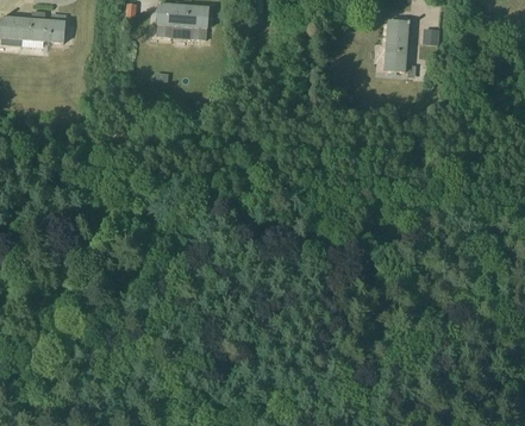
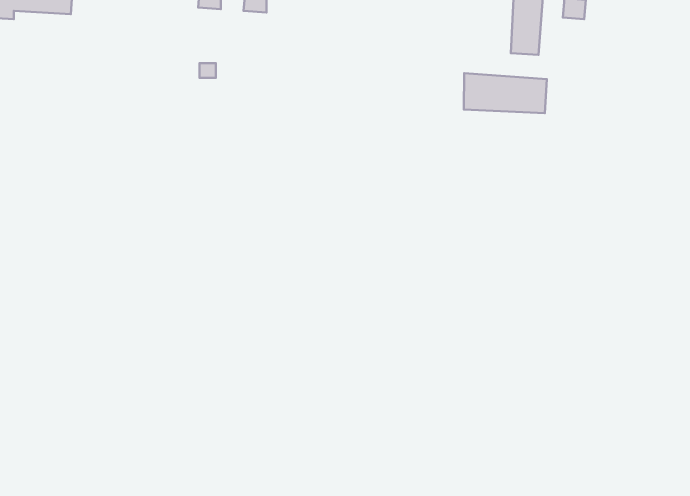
building: none -> [464,73,547,113]

